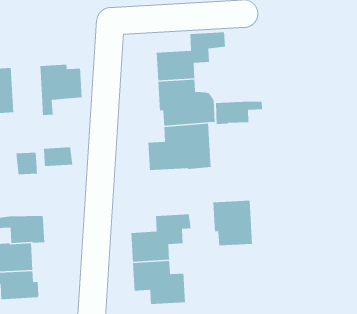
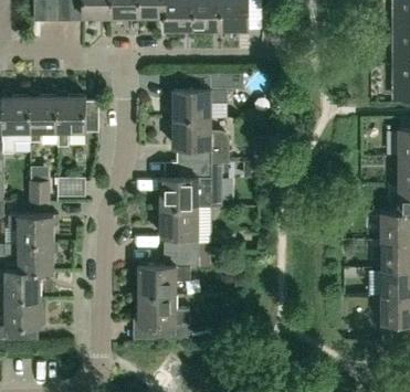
building: none -> [30,97,57,142]
building: [215,101,263,125] -> none
building: none -> [19,216,53,245]
building: [213,200,253,246] -> [160,208,198,252]

